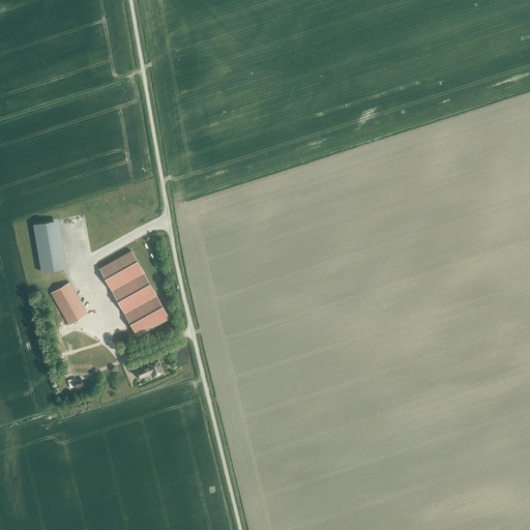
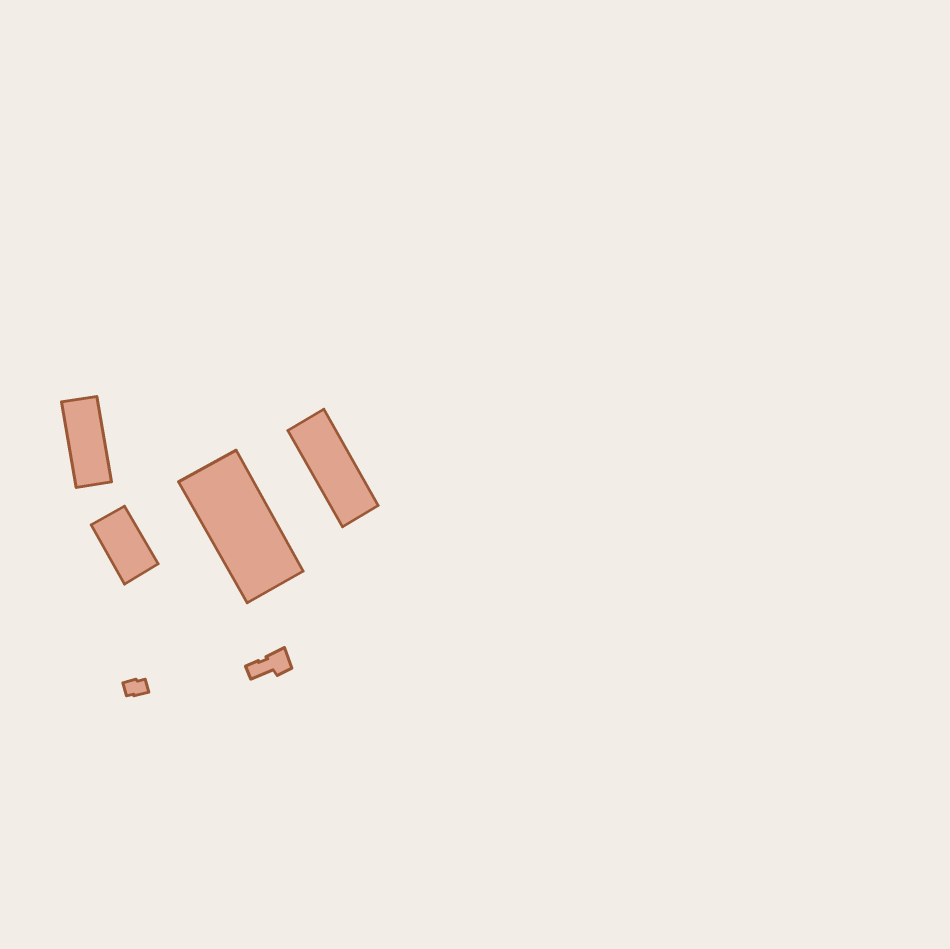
building: none -> [288,409,378,527]

